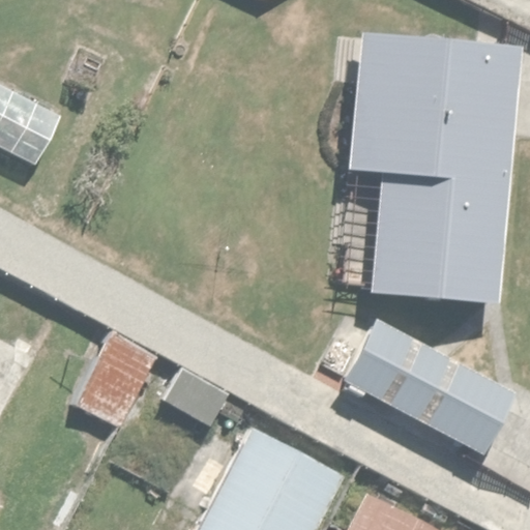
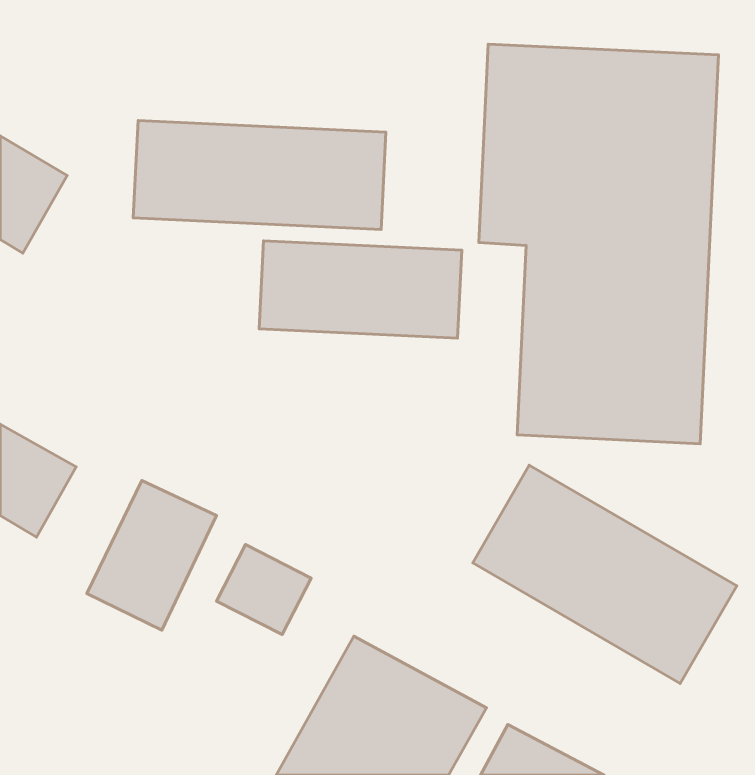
building: none -> [133,120,386,229]
building: none -> [259,241,462,338]

